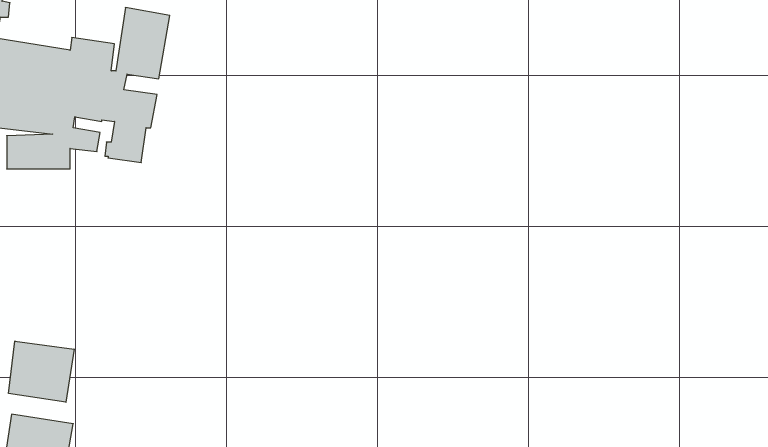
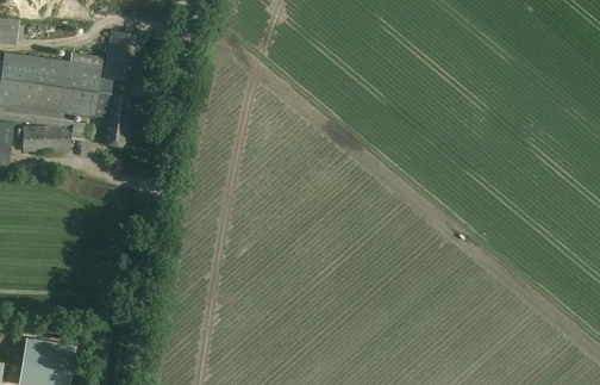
building: [9,341,74,402] -> none

